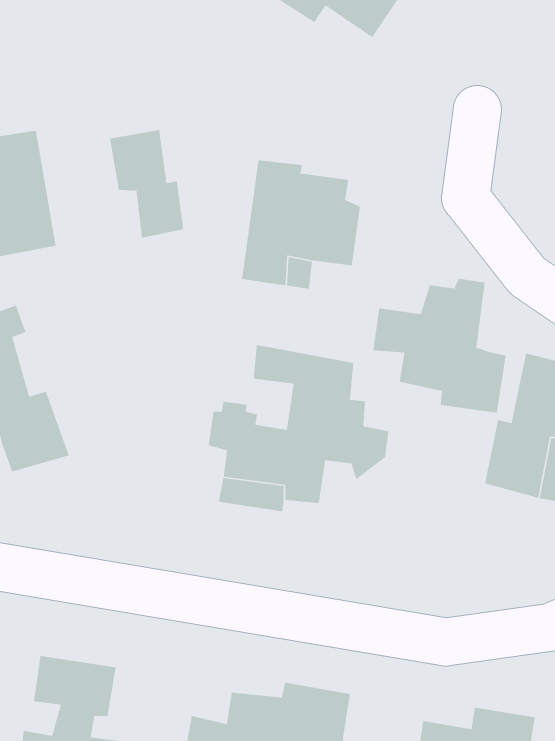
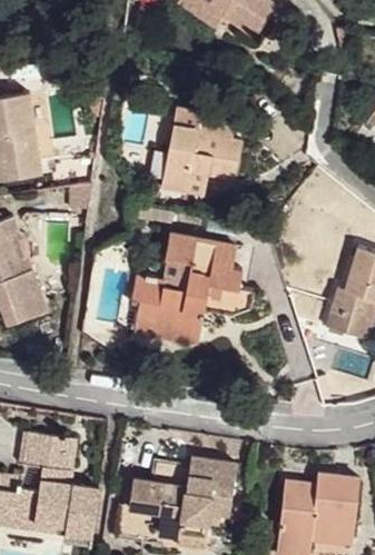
building: [109,129,184,238] -> none
building: [373,278,506,413] -> none

